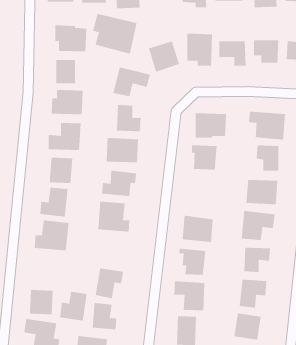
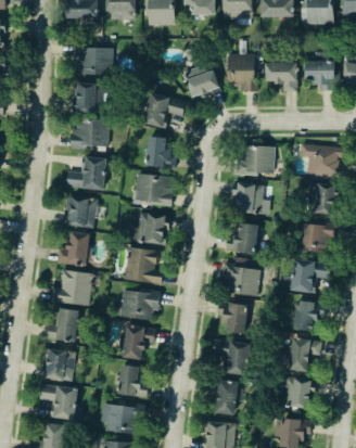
building: [92,13,137,54] -> none
building: none -> [226,223,258,254]
building: none -> [120,290,160,319]
building: [59,291,87,321] -> [47,308,79,343]

